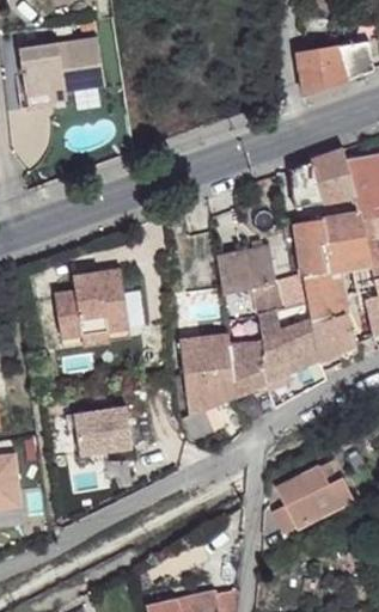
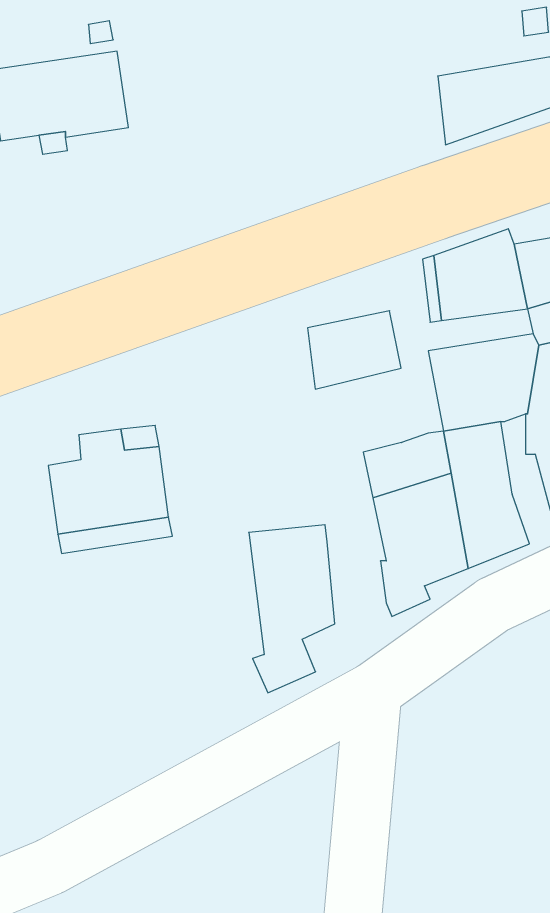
building: [216,245,275,294] -> [308,311,401,389]
building: [228,341,265,394] -> none
building: [73,405,132,455] -> none
building: [275,460,352,530] -> none

